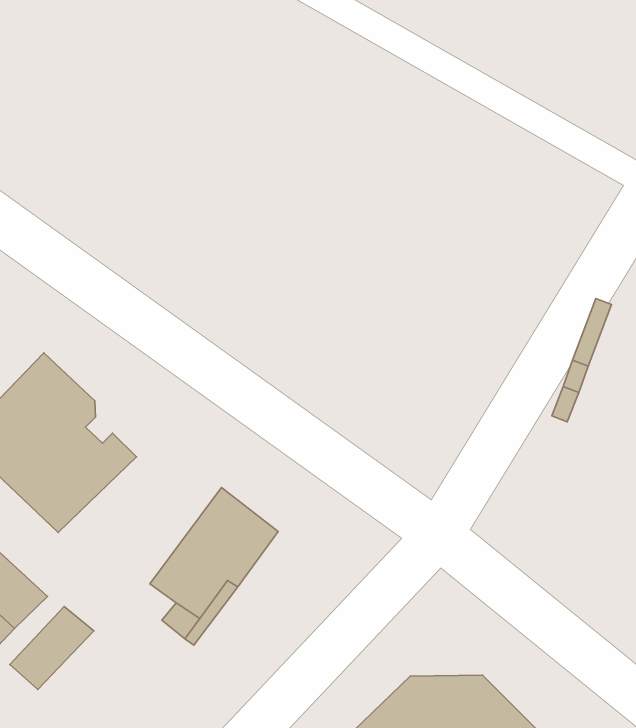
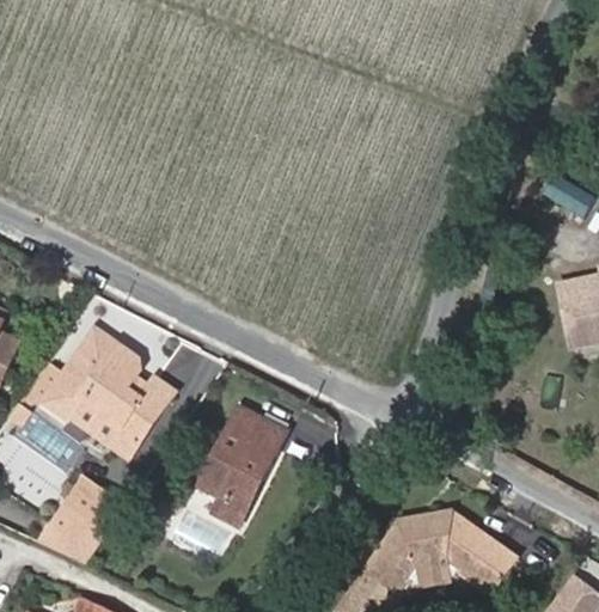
building: [10,607,94,689] -> none

